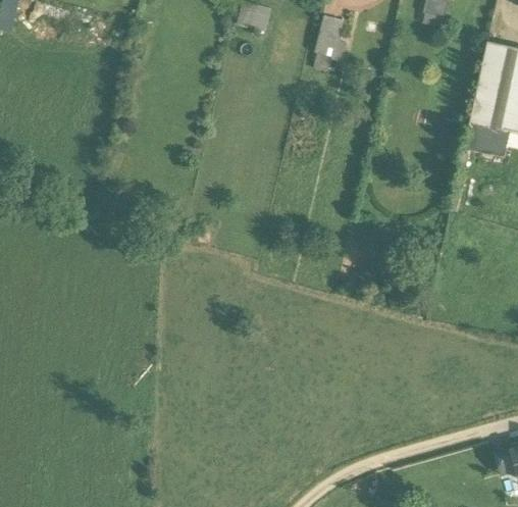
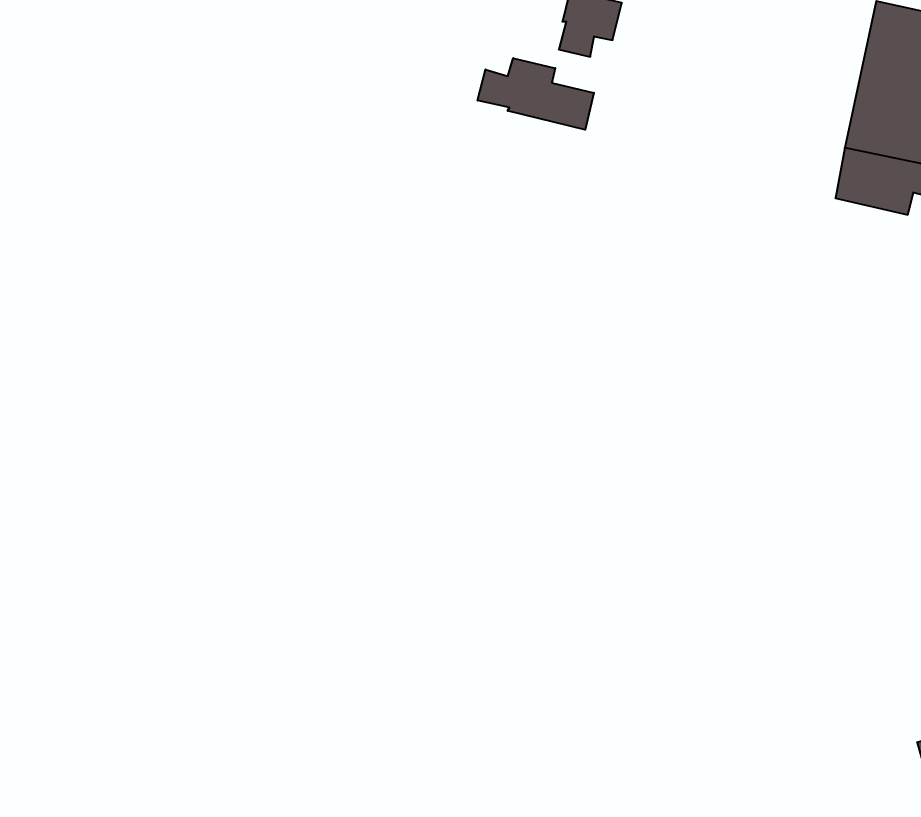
building: none -> [478,58,594,130]

